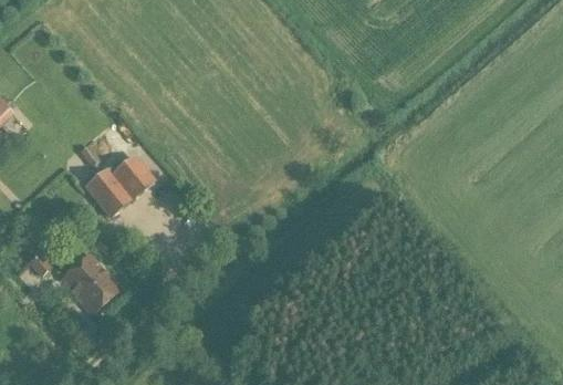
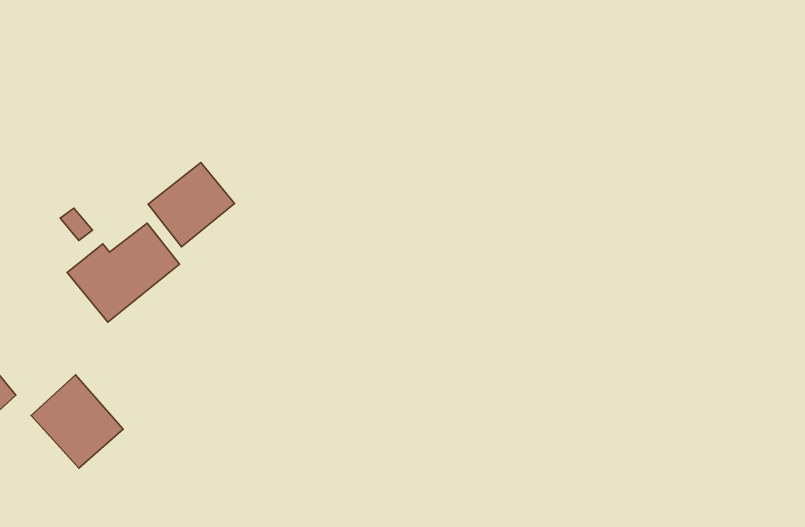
building: none -> [148,162,234,247]

